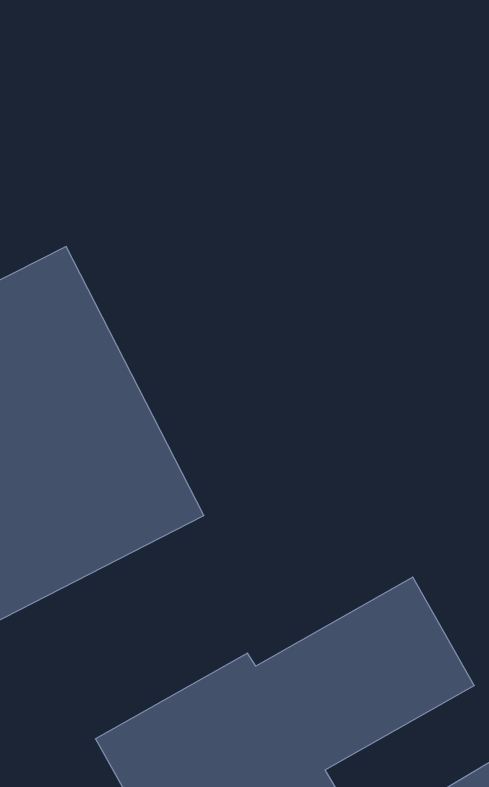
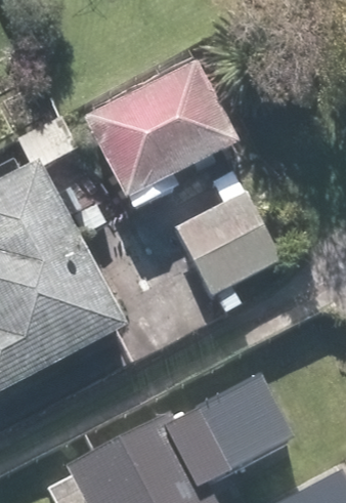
building: none -> [85,60,237,201]
building: none -> [171,188,282,298]

